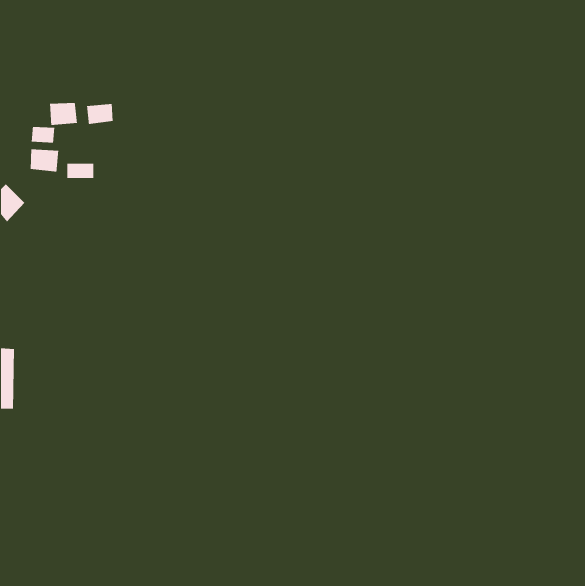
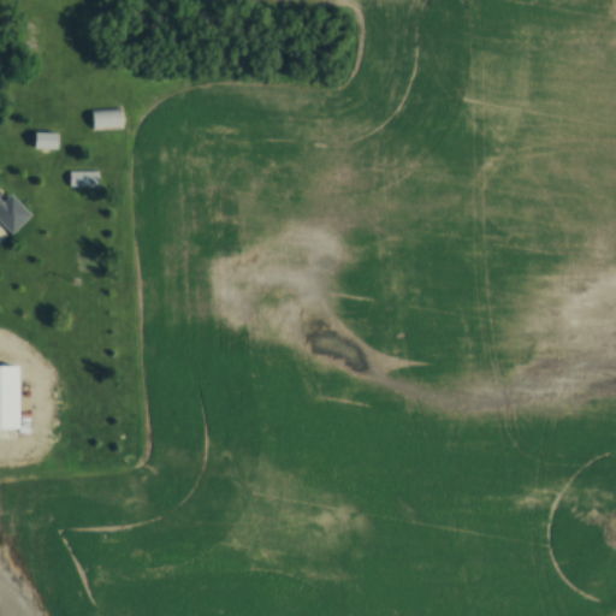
building: [49,102,78,126] -> none
building: [30,149,59,172] -> none

